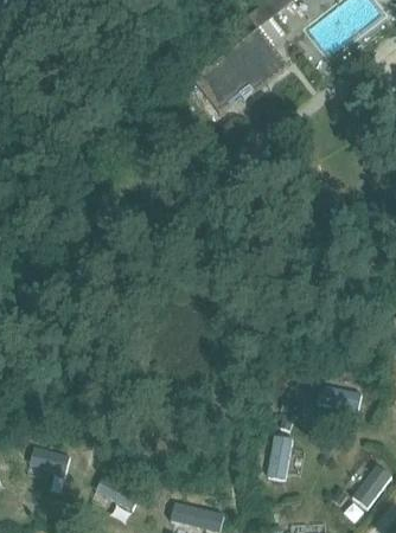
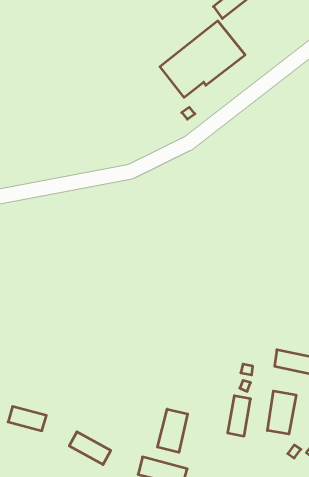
building: none -> [267,391,296,434]
building: none -> [157,409,188,452]

